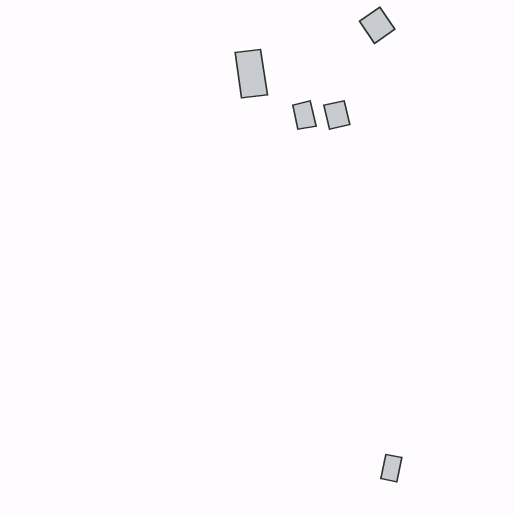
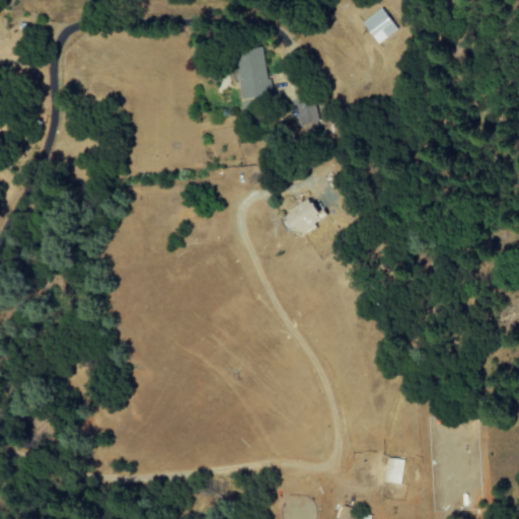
building: [324,101,350,129] -> none
building: none -> [283,199,322,234]

